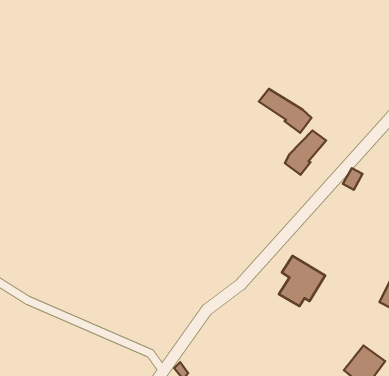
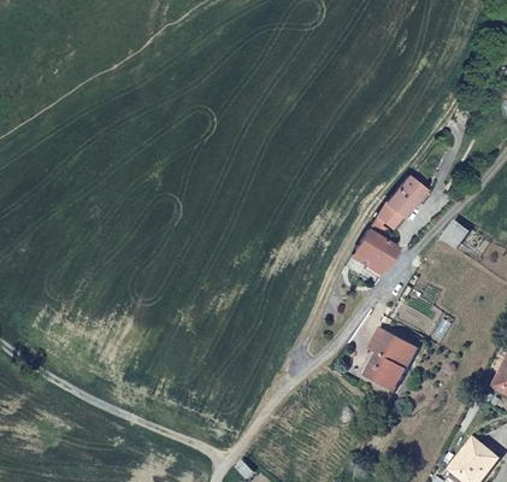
building: [259,89,312,133] -> none
building: none -> [348,227,397,278]

